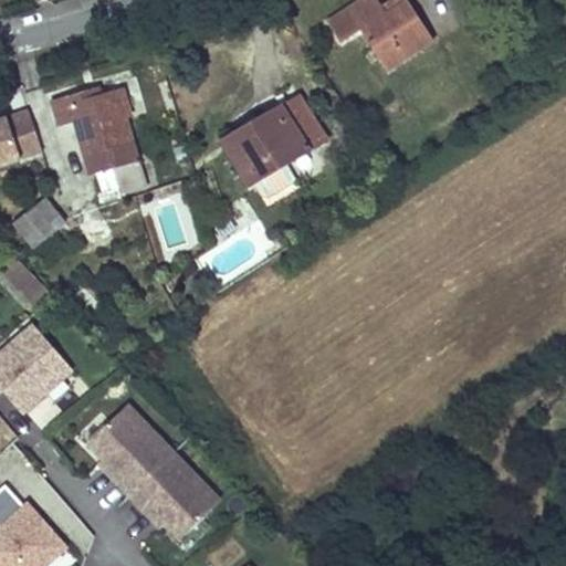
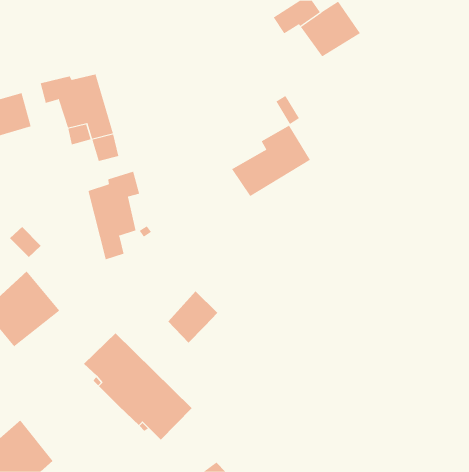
building: [226,97,321,184] -> [231,125,311,197]
building: none -> [88,171,140,260]
building: [11,205,59,247] -> none
building: none -> [168,291,218,343]

